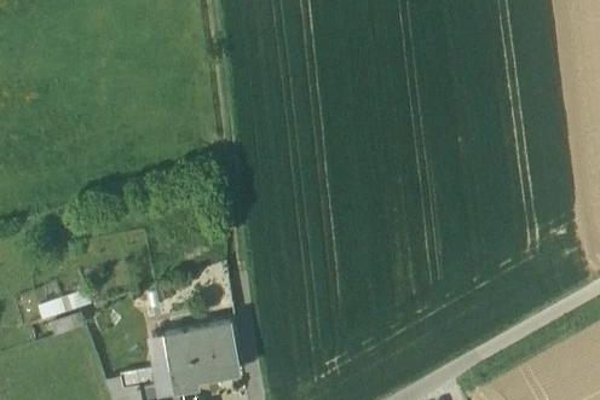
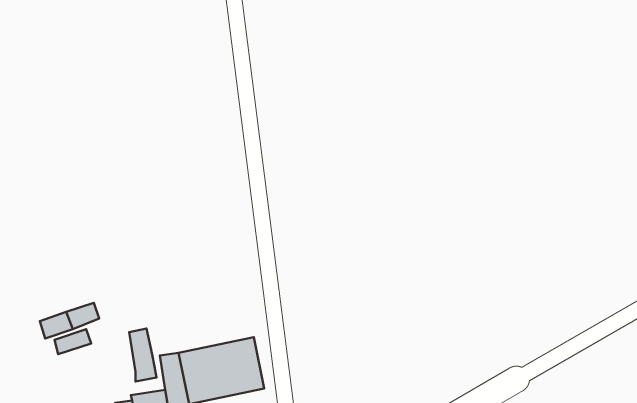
building: none -> [129,329,156,382]

